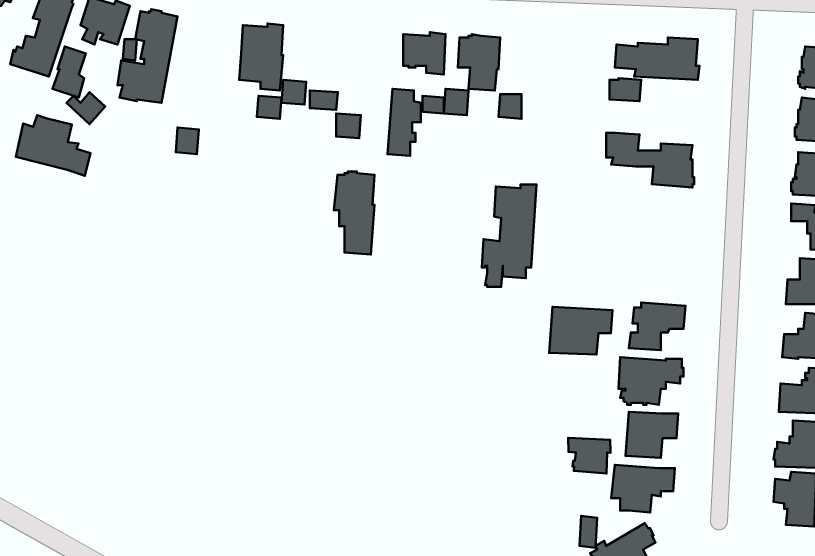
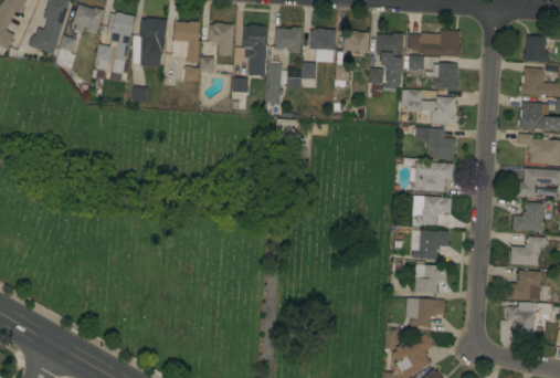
building: none -> [139,18,167,66]
building: none -> [209,22,234,55]
building: none -> [344,31,369,52]
building: none -> [433,63,458,90]
building: [16,115,91,176] -> none
building: [334,171,374,254] -> [242,24,267,76]
building: [482,185,536,287] -> [369,33,403,97]
building: none -> [413,127,455,158]
building: [549,307,613,354] -> [414,161,454,191]
building: [568,438,611,473] -> none

